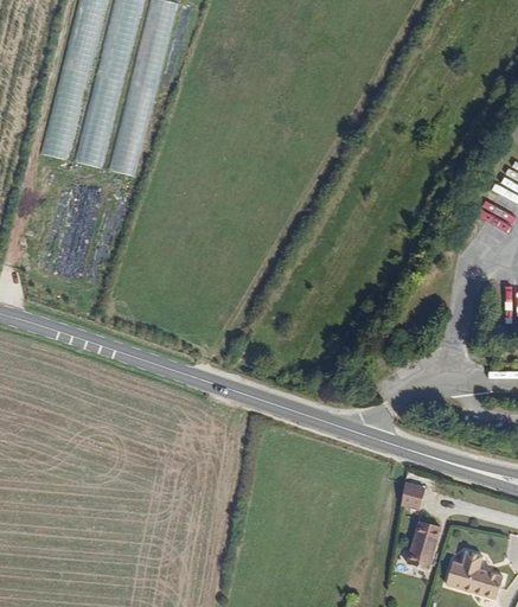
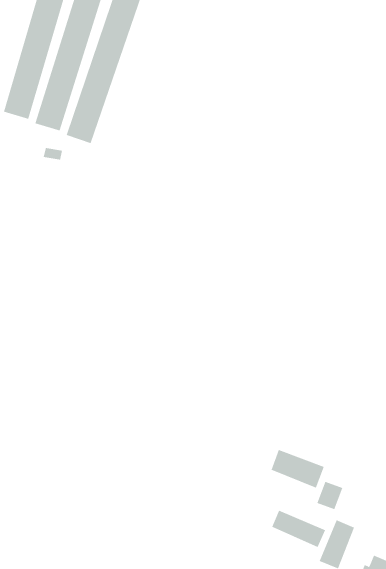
building: none -> [271,449,325,488]
building: none -> [272,510,326,548]

